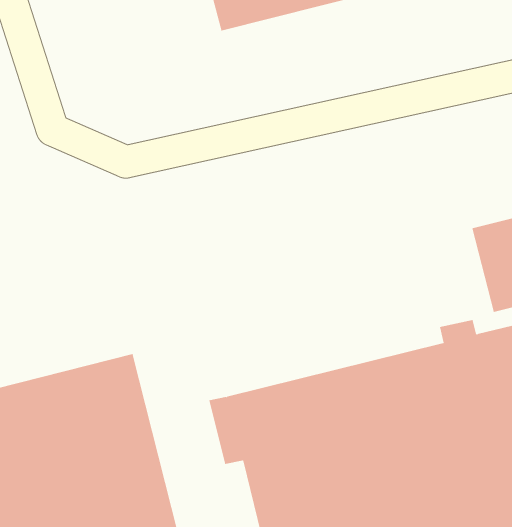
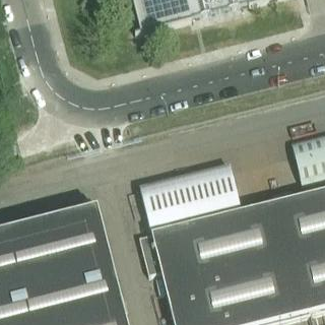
building: none -> [139,164,241,231]

